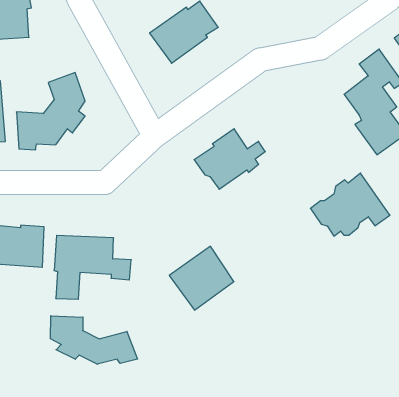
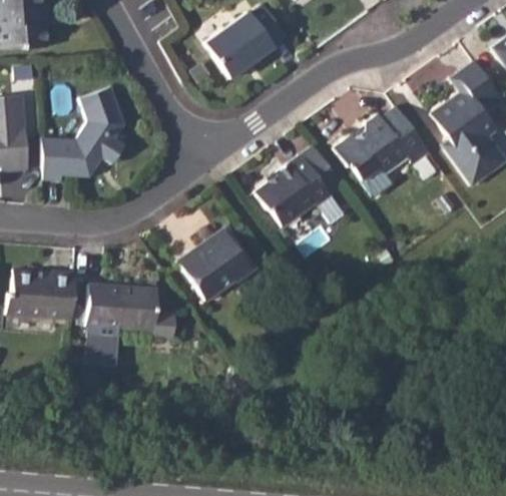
building: [310,173,390,236] -> [336,106,431,181]
building: [169,246,234,310] -> [177,228,255,305]
building: [51,316,138,364] -> none

